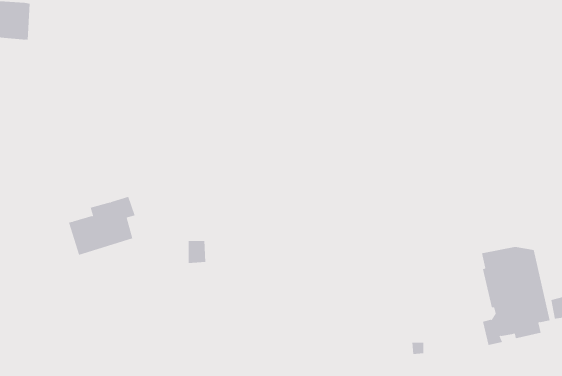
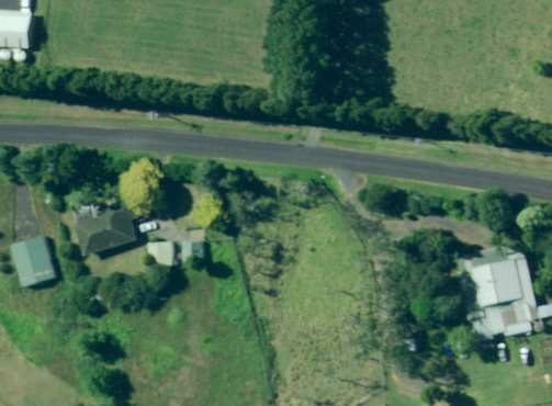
building: none -> [13,238,56,287]
building: none -> [148,243,172,267]

